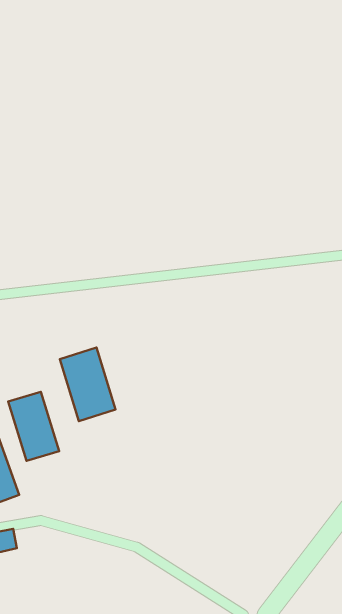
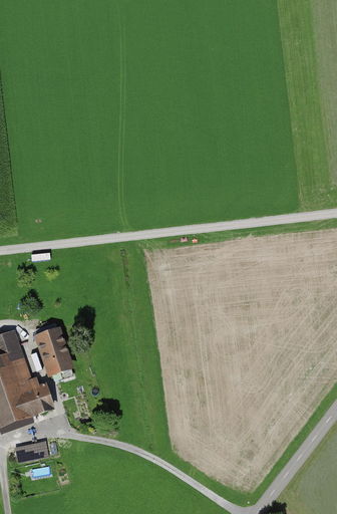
building: [60,348,115,421] -> none

